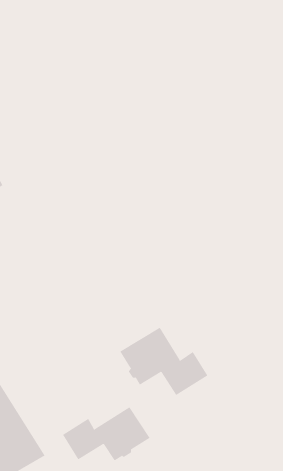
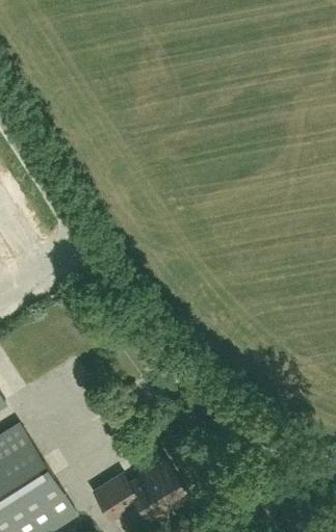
building: [120,327,208,396] -> none

